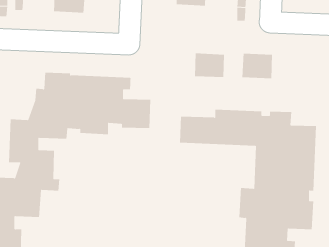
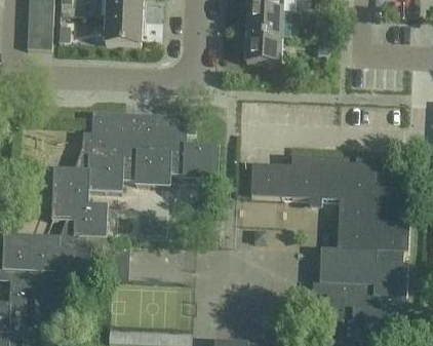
building: [194,53,225,77] -> [245,33,281,62]
building: [242,53,272,79] -> none

